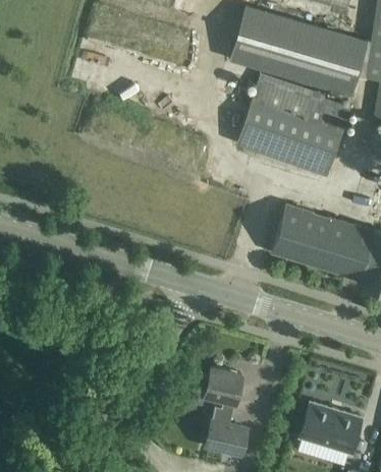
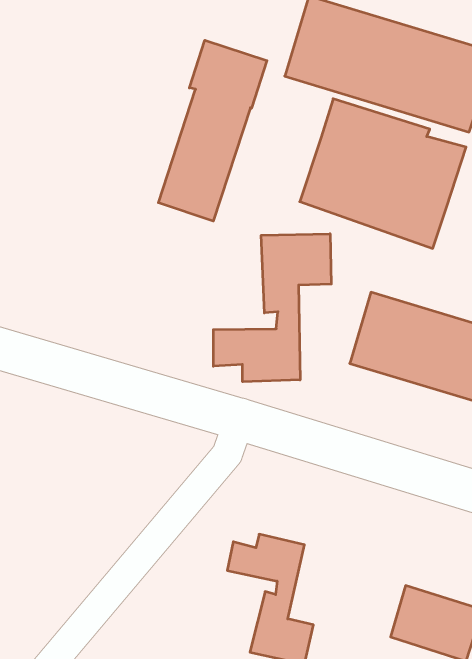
building: none -> [158,40,267,221]
building: none -> [213,234,331,382]

